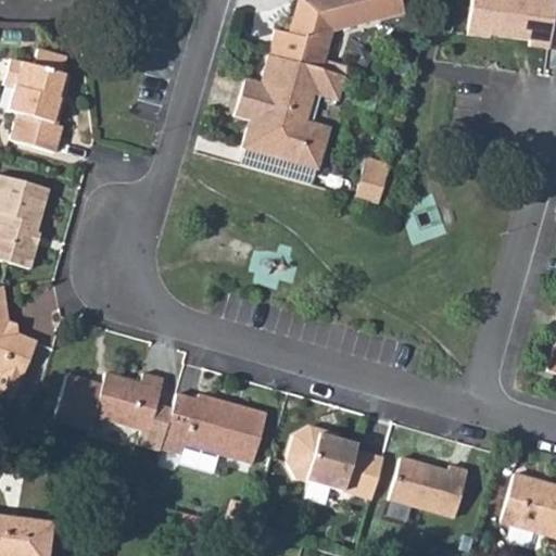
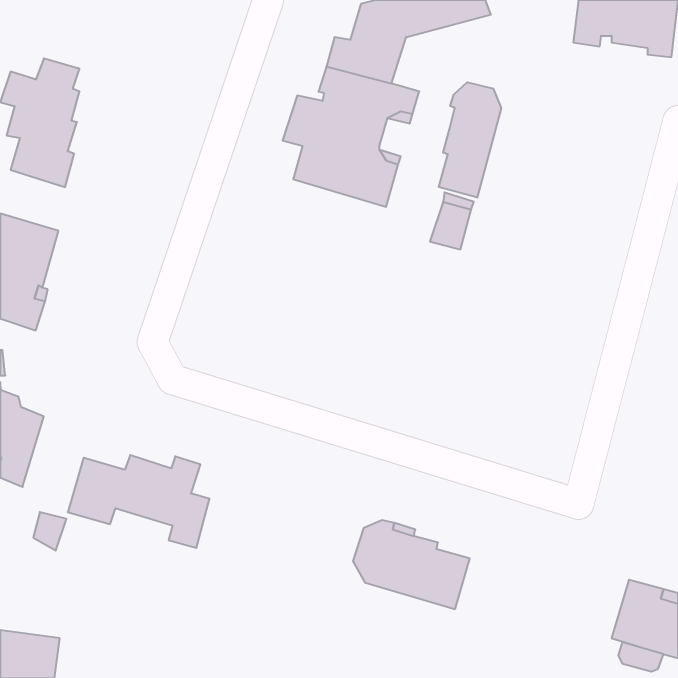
building: none -> [439,82,501,198]
building: [161,393,267,463] -> none
building: [390,456,468,518] -> none

